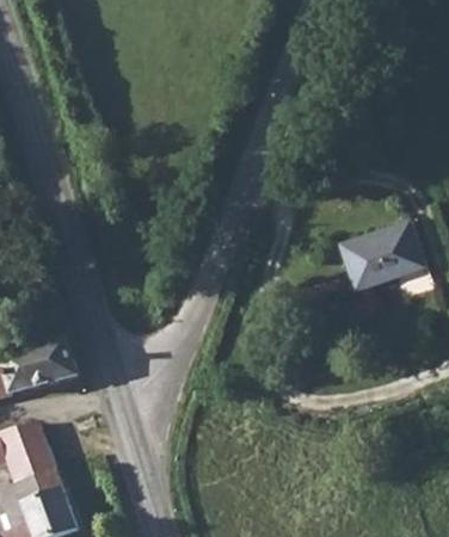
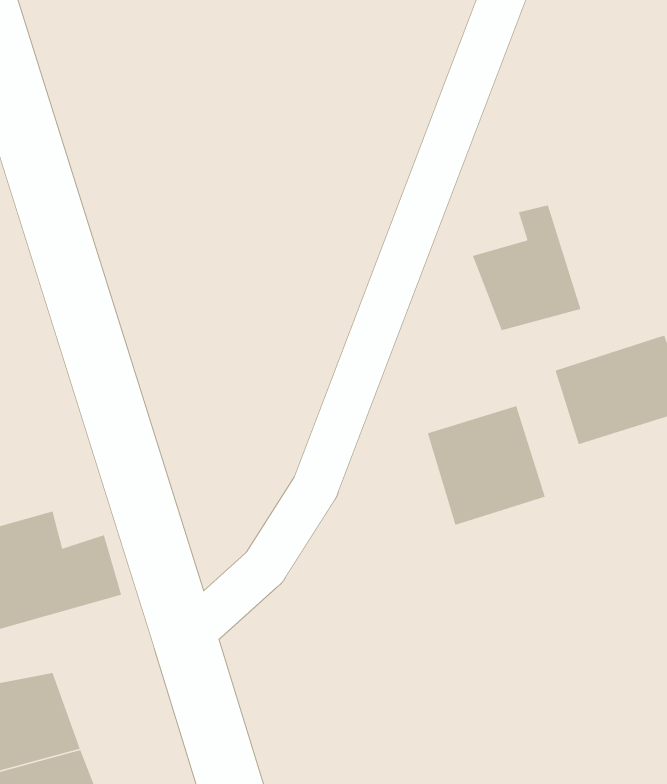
building: none -> [472,204,582,331]
building: none -> [427,405,546,526]

